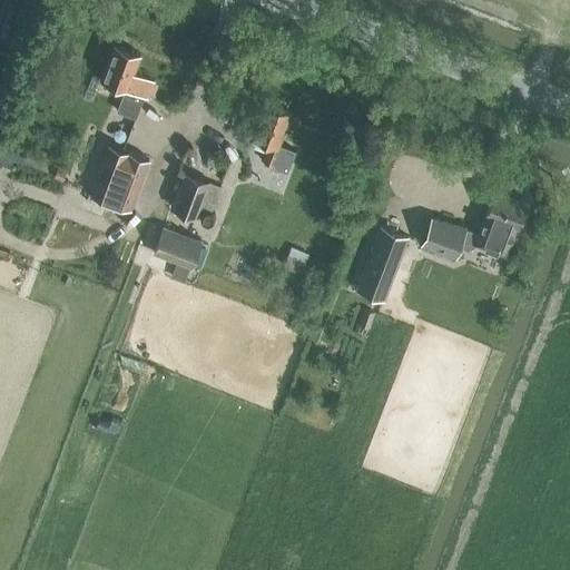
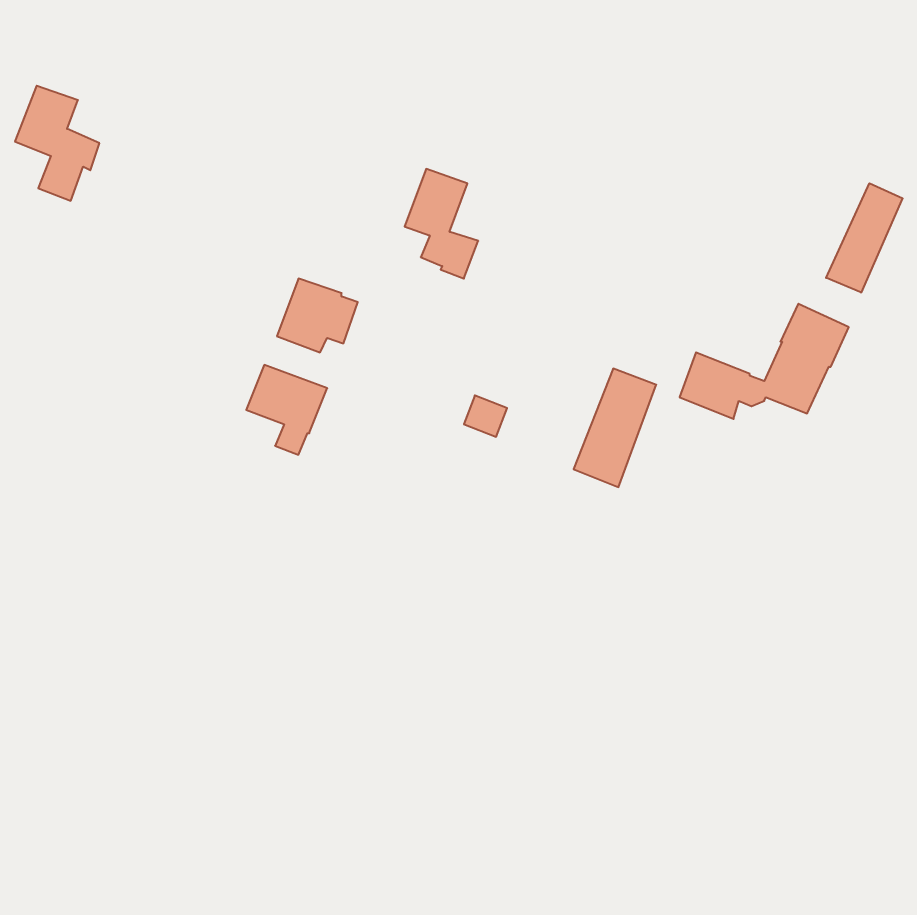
building: [102,49,155,120] -> [15,86,99,201]
building: none -> [826,183,903,293]
building: [91,146,150,210] -> none

